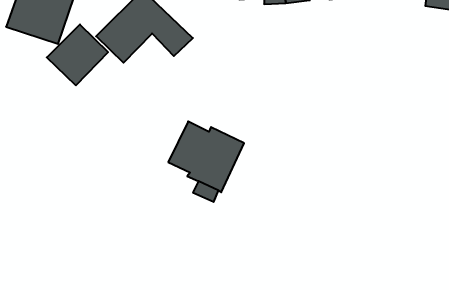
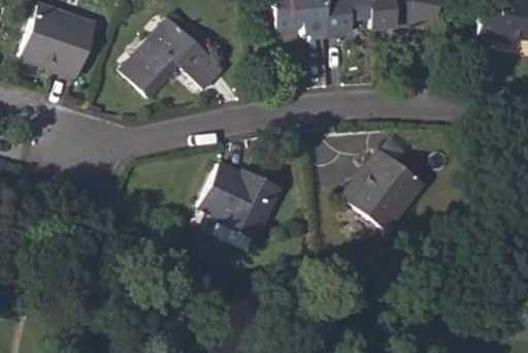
building: [47,24,108,85] -> none
building: none -> [342,149,425,231]

